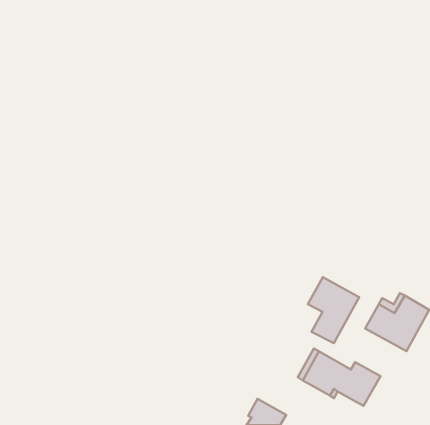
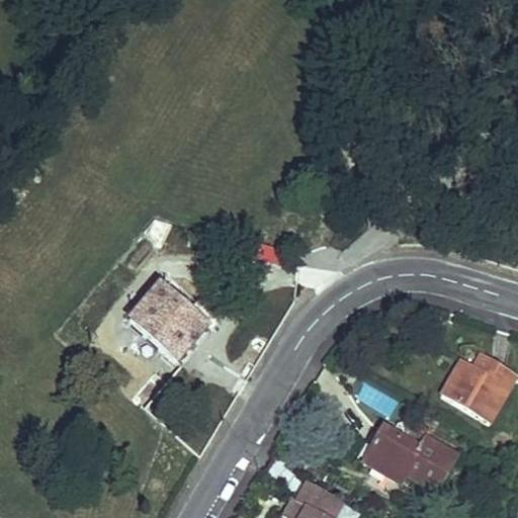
building: none -> [130,283,207,360]
building: [308,277,359,343] -> none

